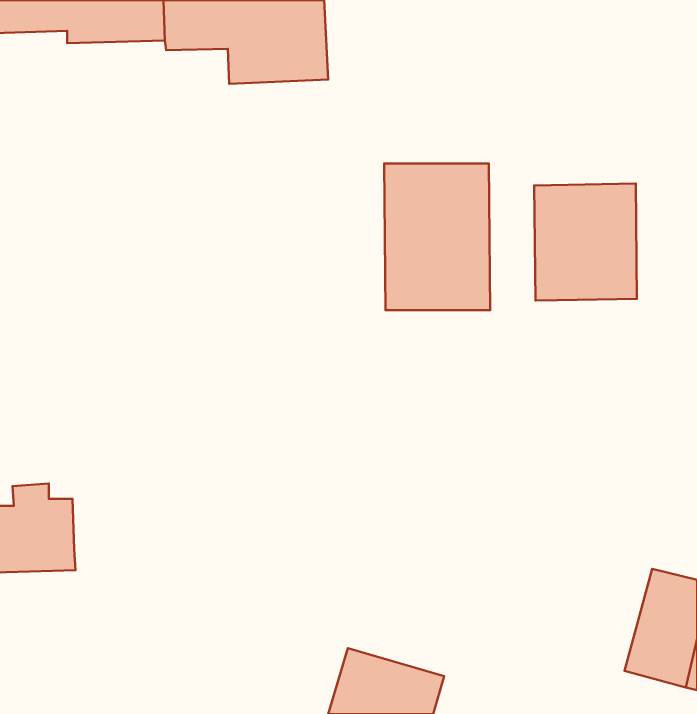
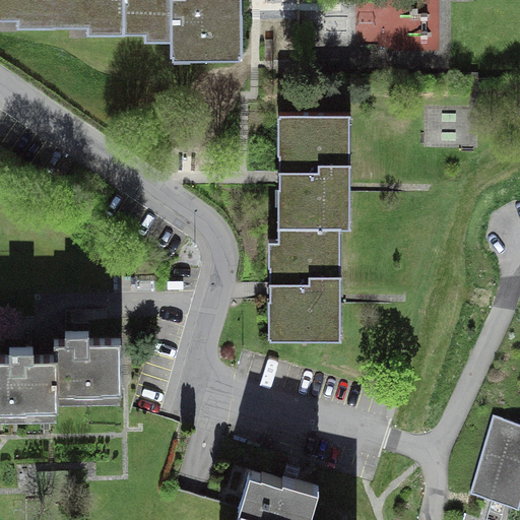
building: [534,184,637,301] -> none
building: none -> [270,225,340,339]
building: none -> [52,333,124,399]

